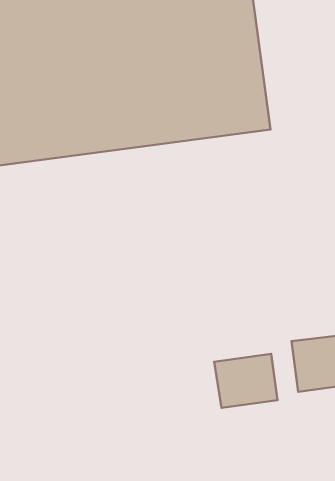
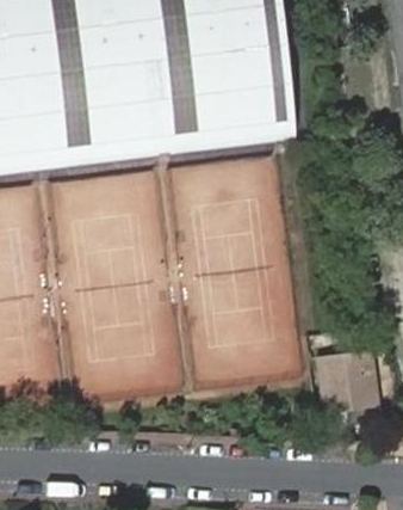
building: [214,354,277,408] -> none

